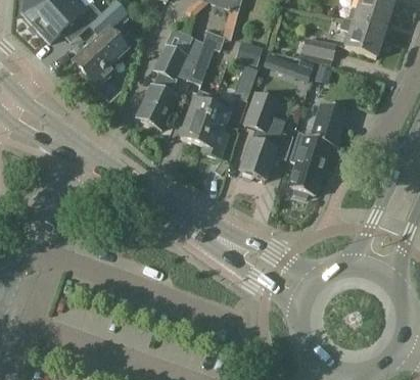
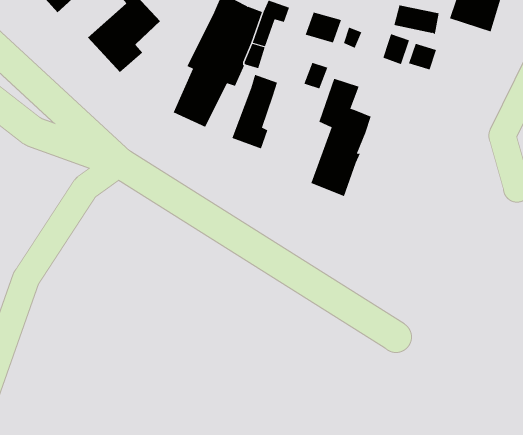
building: [287,101,346,197] -> none
building: [201,104,228,156] -> none

